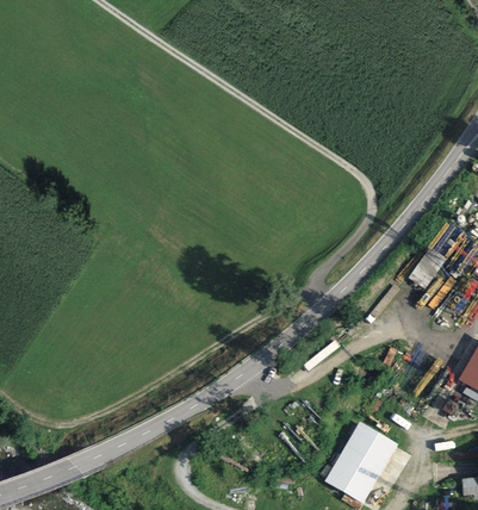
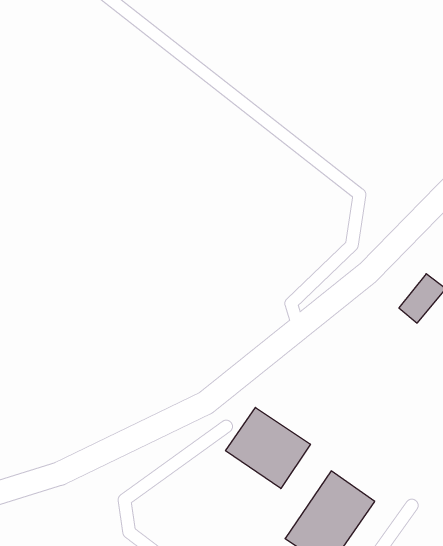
building: none -> [226,407,310,489]

